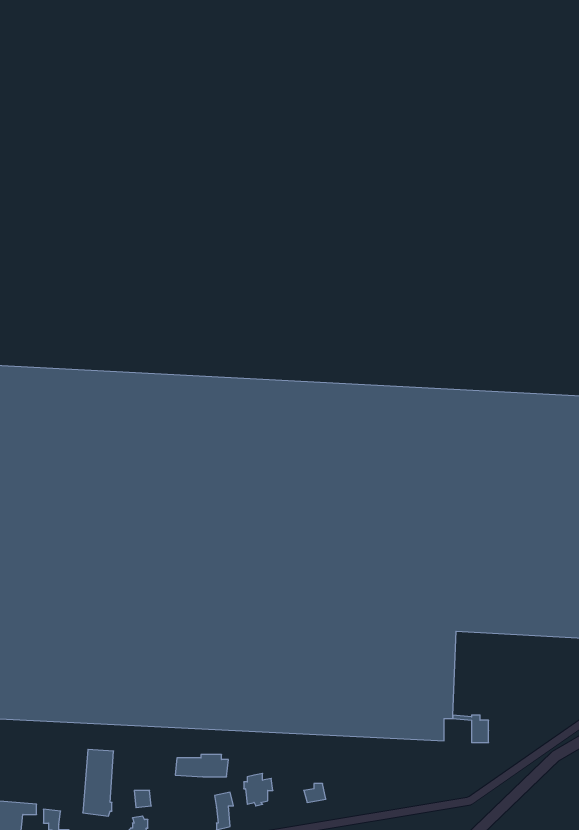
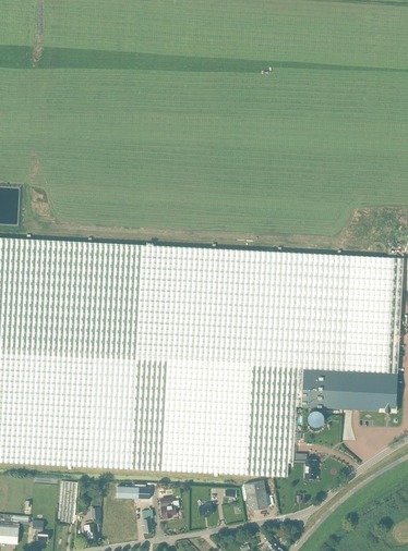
building: none -> [244,479,268,509]

